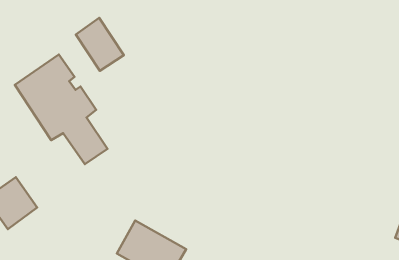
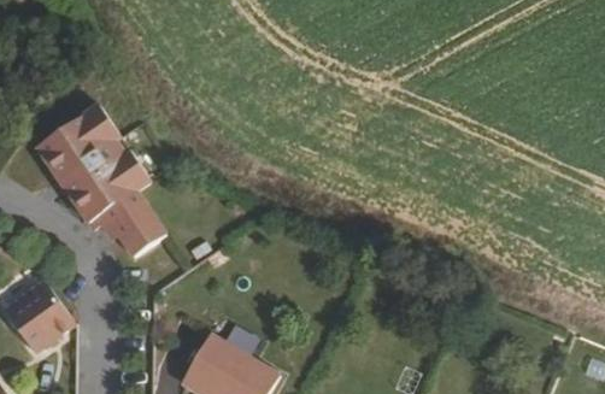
building: [76,18,124,71] -> none

